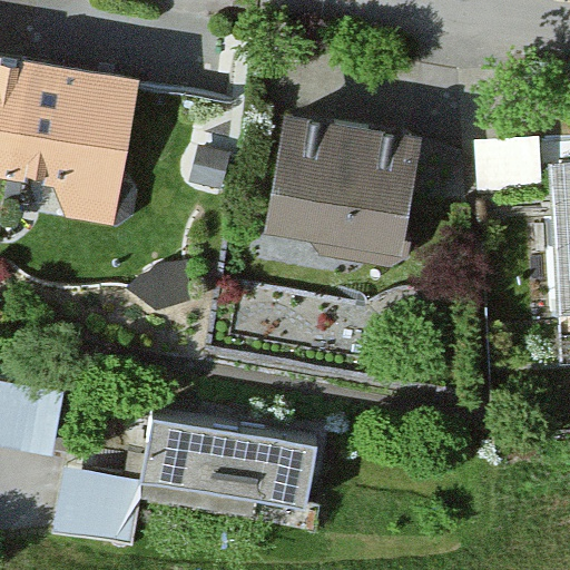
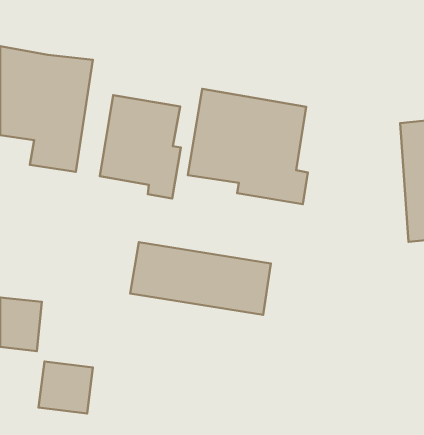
building: none -> [100,95,181,199]
building: [140,416,324,511] -> [130,242,271,315]

